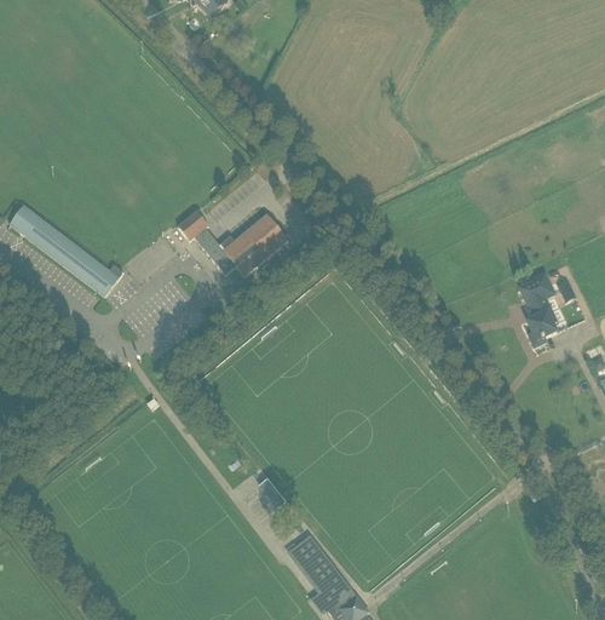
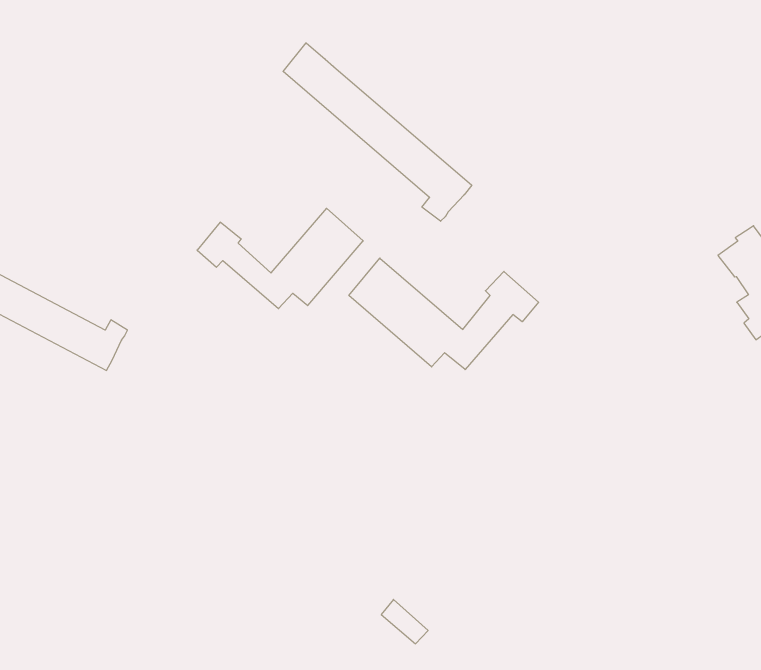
building: none -> [283,43,472,221]
building: none -> [349,258,539,370]

